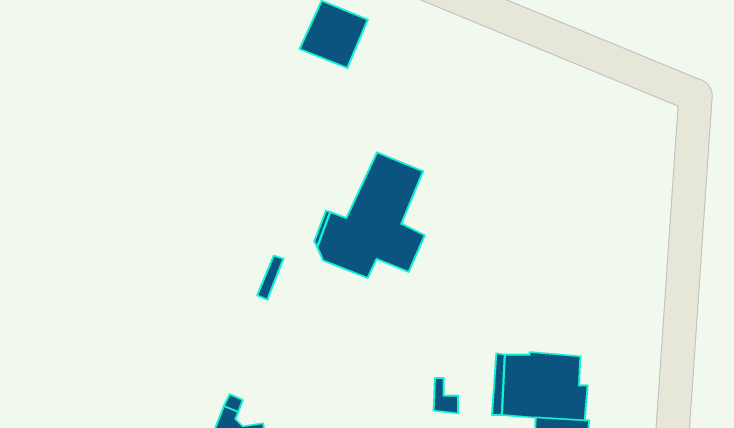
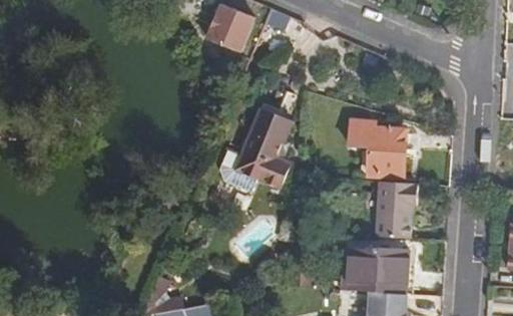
building: none -> [352,120,404,174]
building: none -> [377,181,415,239]

